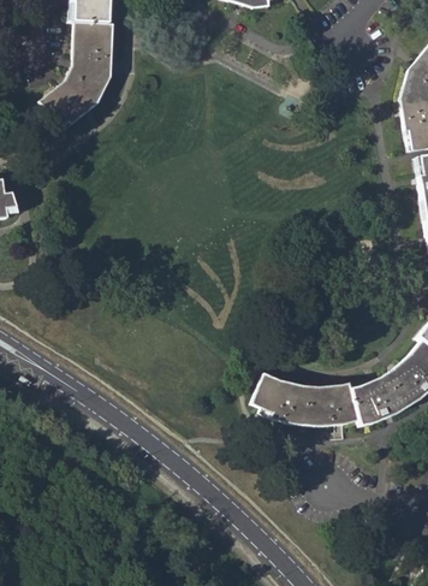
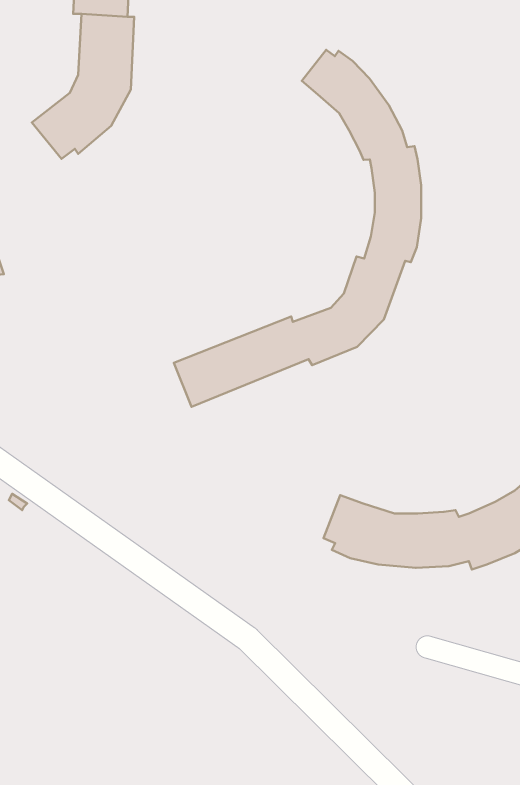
building: none -> [174,50,421,407]

